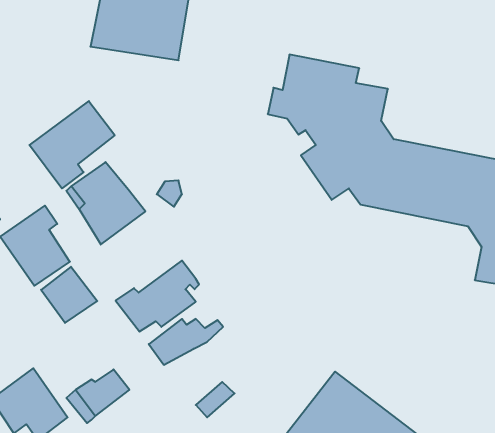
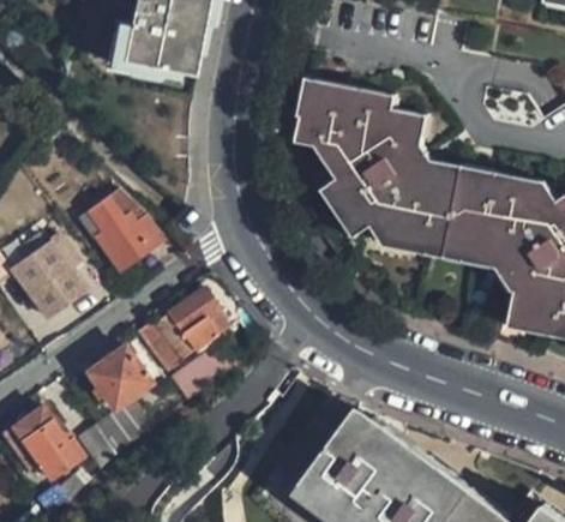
building: [29,101,115,188] -> none
building: [41,267,97,323] -> [86,353,145,412]

